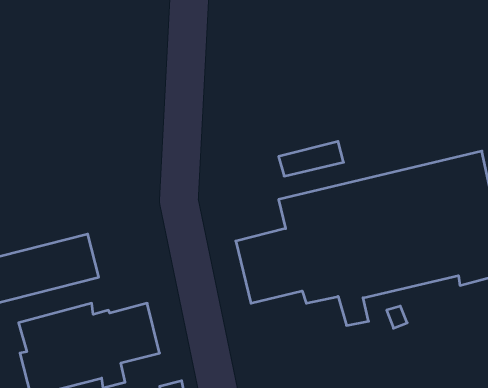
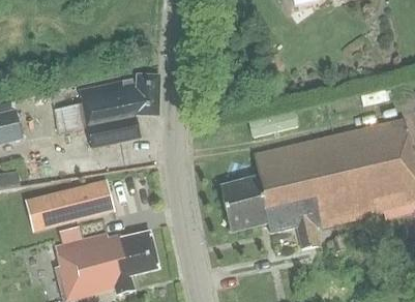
building: none -> [55,72,160,146]

